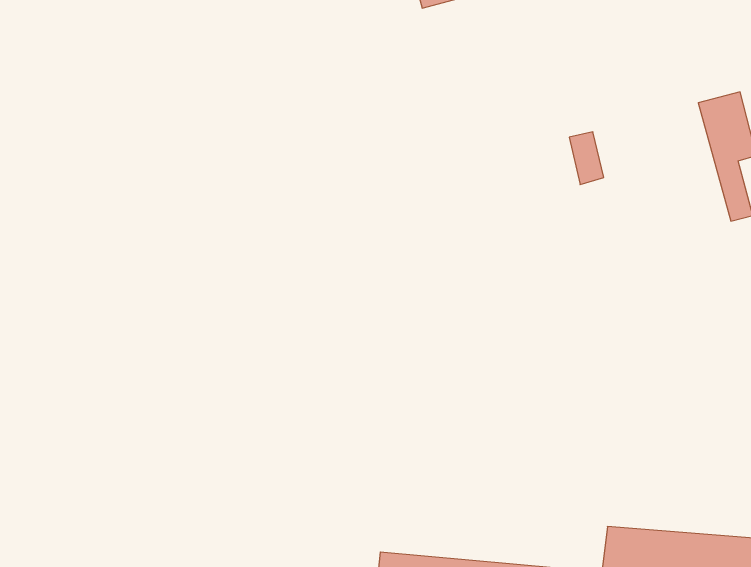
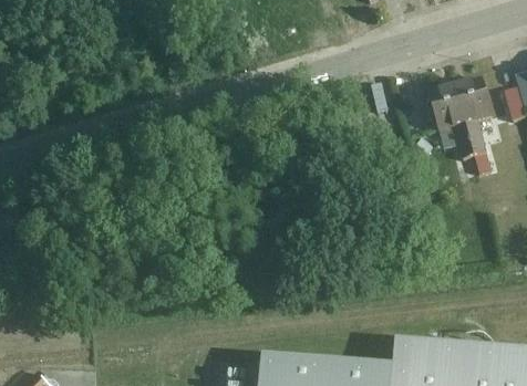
building: none -> [428,83,475,158]

